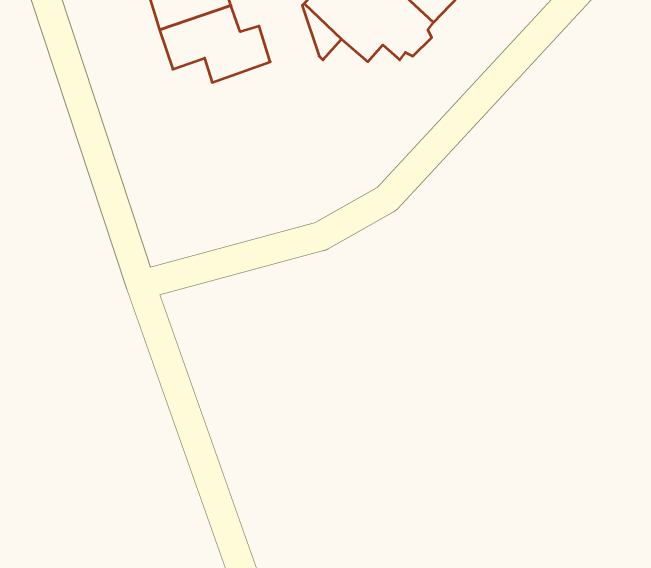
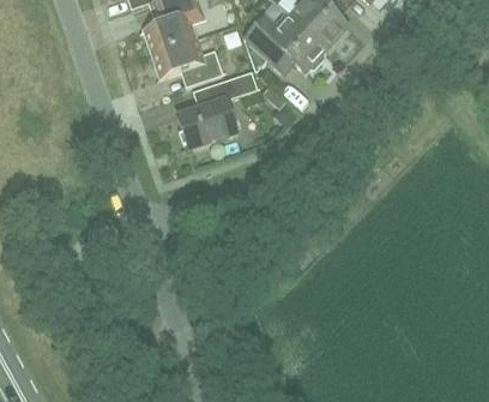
building: none -> [176,71,258,150]

